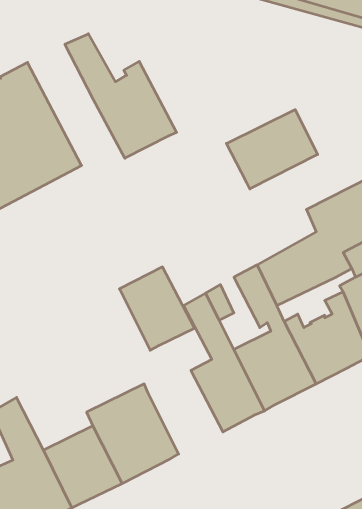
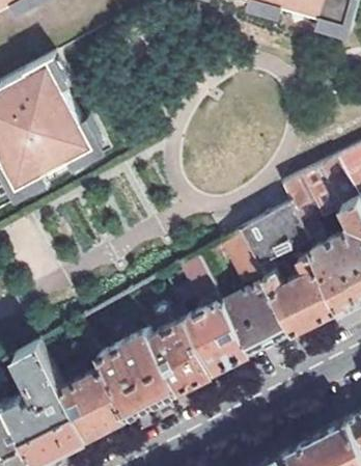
building: [65,34,177,158] -> none
building: [226,110,318,189] -> none
building: [119,267,194,350] -> [152,319,216,389]

